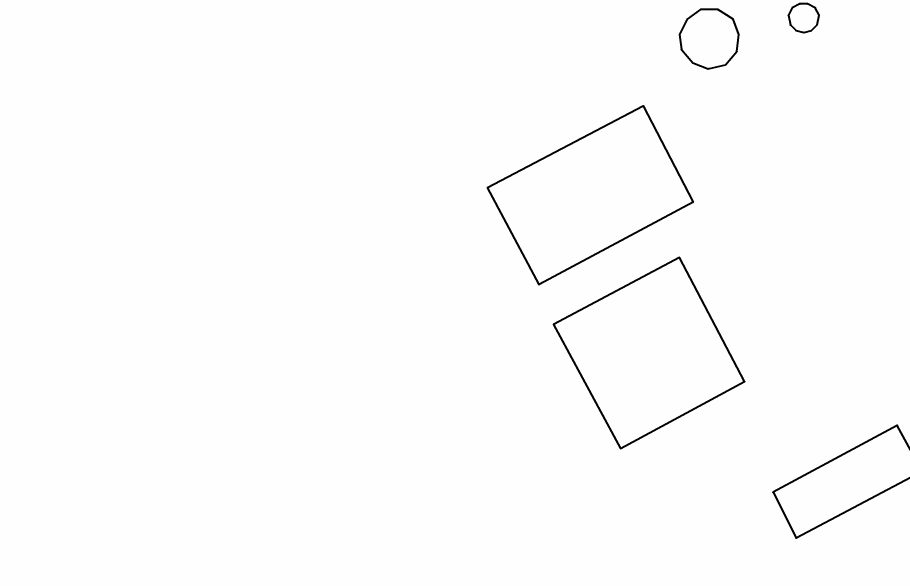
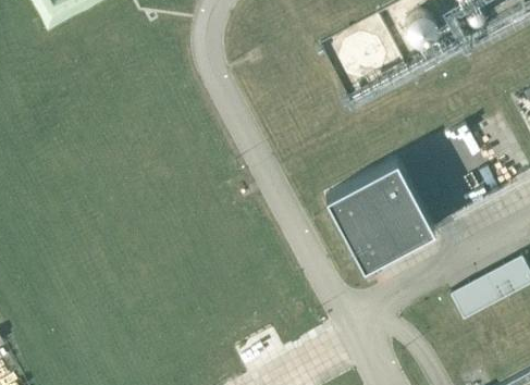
building: [488,106,693,285] -> none

